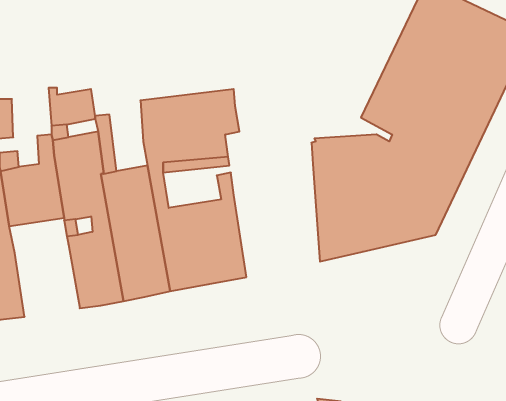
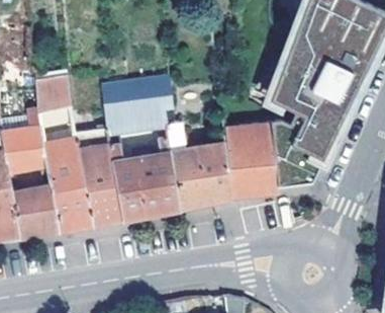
building: none -> [169,130,230,211]
building: none -> [12,187,59,239]

